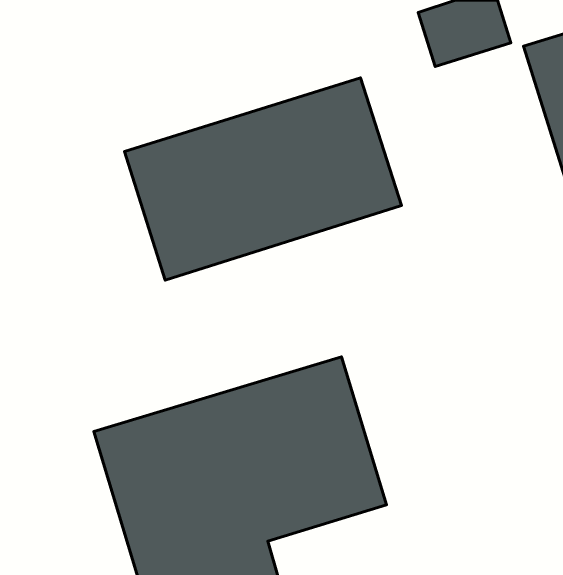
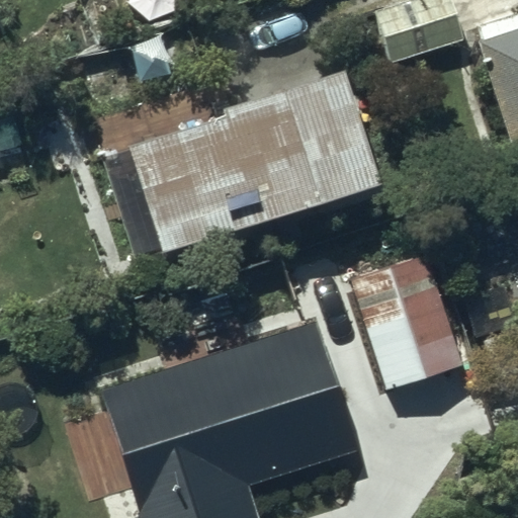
building: none -> [352,257,468,393]

